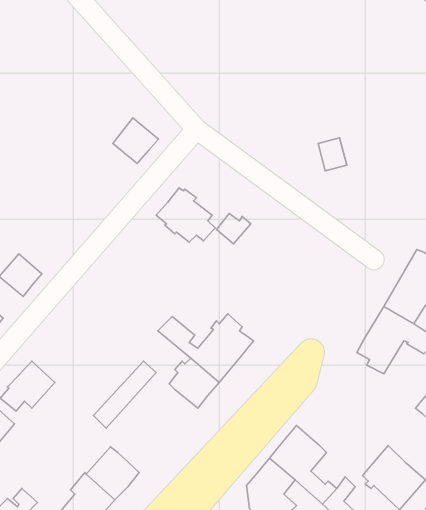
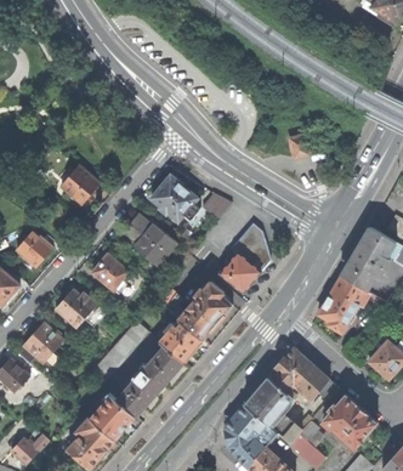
building: [113,118,159,164] -> [61,165,100,204]
building: none -> [120,214,176,266]
building: none -> [217,223,271,293]
building: none -> [91,254,129,294]
building: none -> [56,289,96,327]
building: none -> [117,346,185,416]
building: none -> [268,347,339,401]

